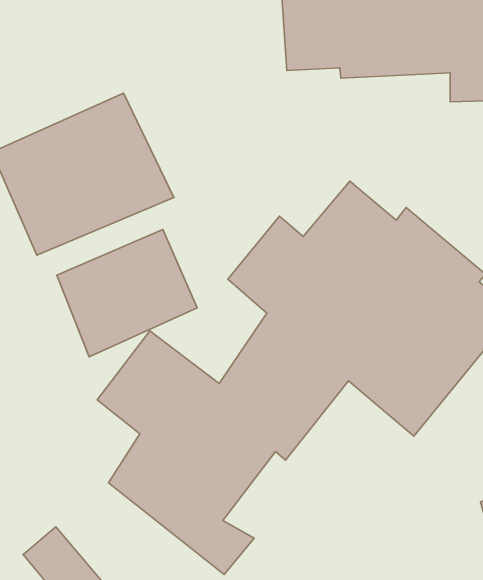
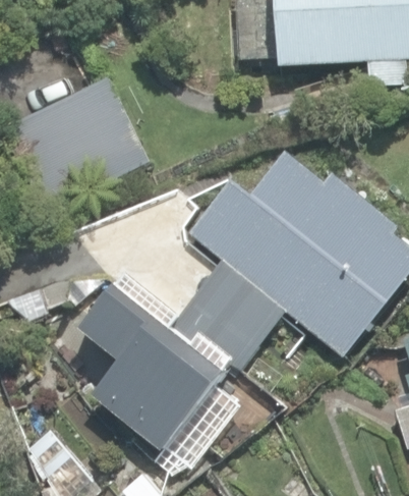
building: [57,229,197,357] -> none

